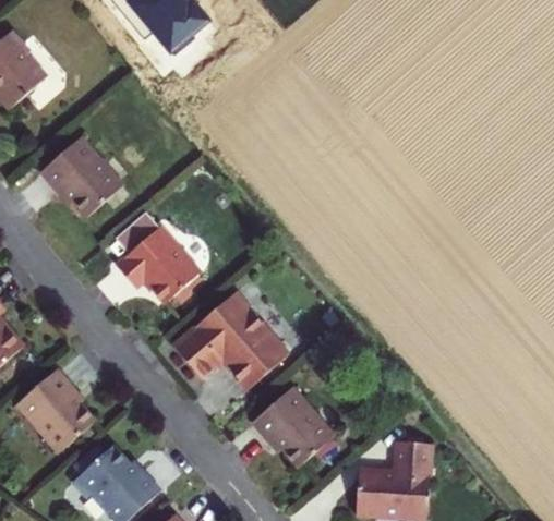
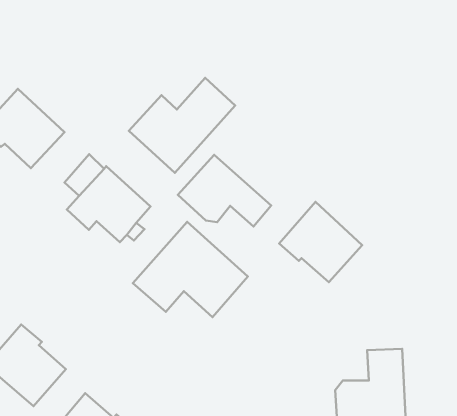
building: none -> [129,78,235,173]
building: none -> [178,155,271,227]
building: [252,384,335,465] -> [279,202,362,282]

